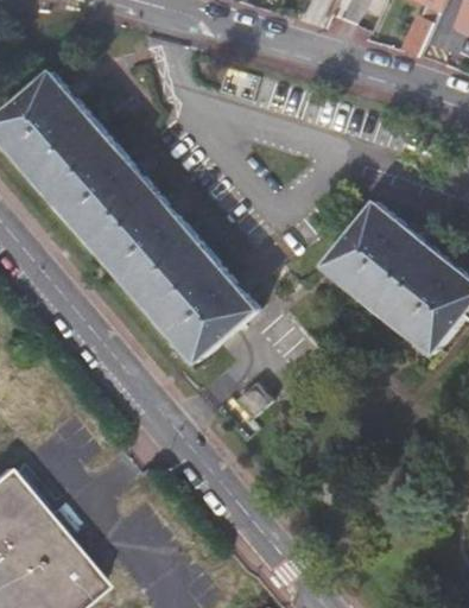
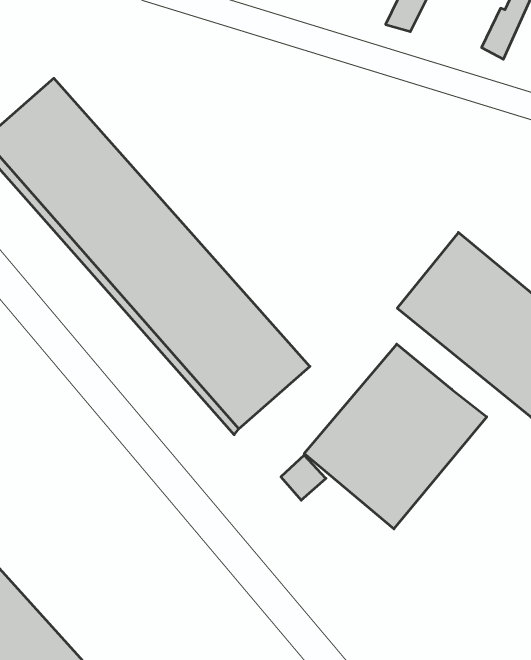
building: none -> [304,344,487,529]

